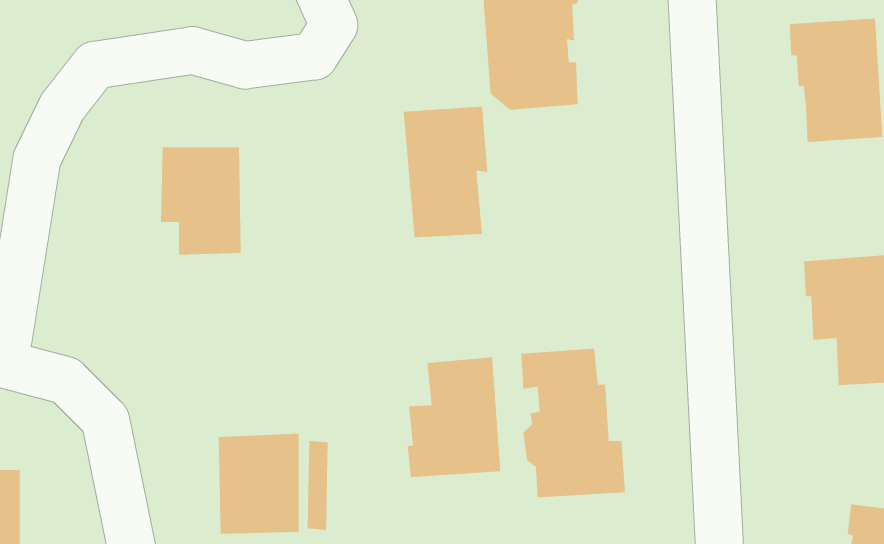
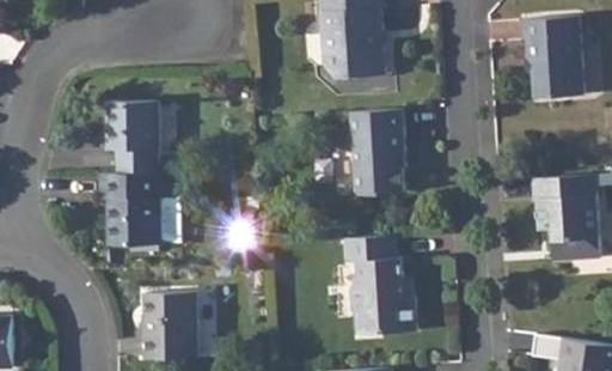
building: [403,106,488,238] -> [348,108,404,195]
building: none -> [97,172,182,247]
building: [407,356,501,478] -> none

